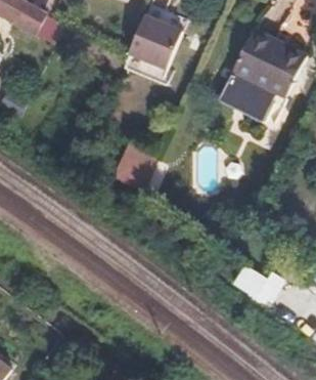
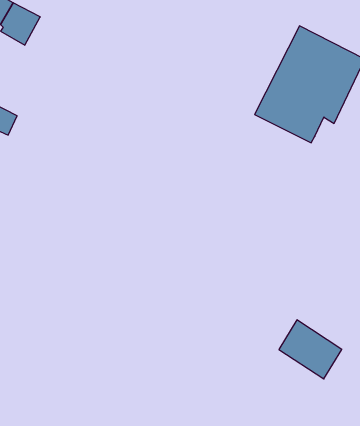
building: [126,18,178,72] -> none
building: [111,139,155,192] -> none

